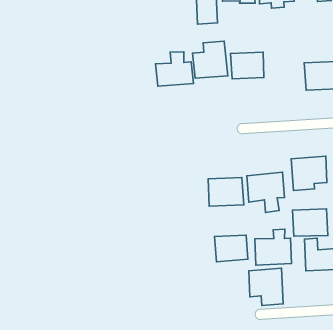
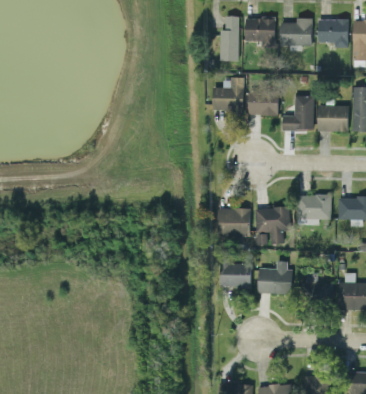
building: [156,52,193,86] -> none
building: none -> [282,96,313,131]
building: [293,209,328,236] -> none
building: [249,268,283,306] -> none

